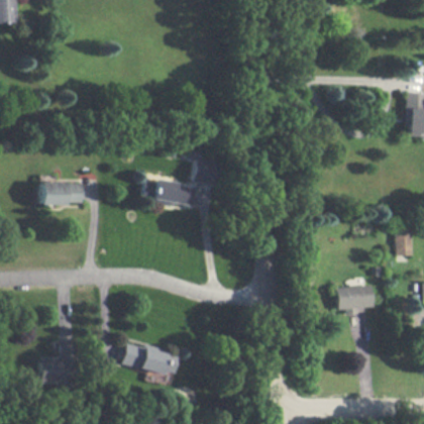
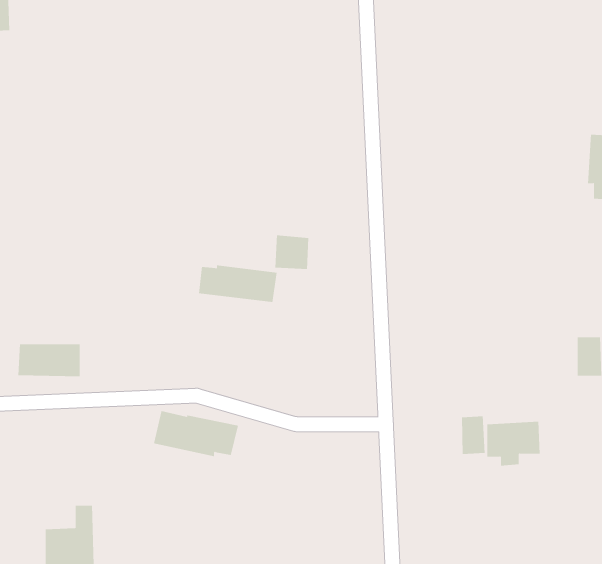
building: [40,183,83,205] -> [18,344,81,377]
building: none -> [461,415,485,455]
building: [121,343,179,375] -> [153,410,239,457]

